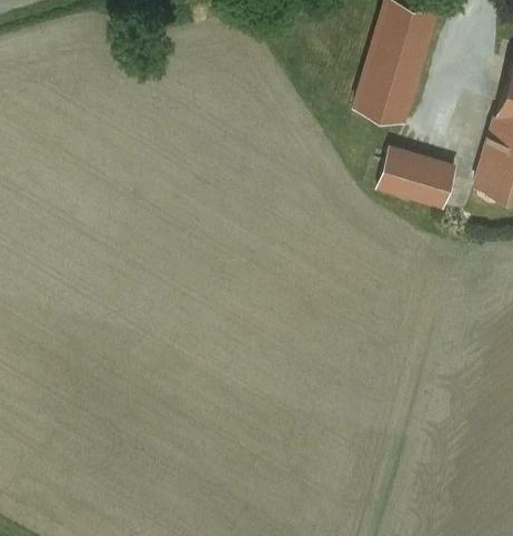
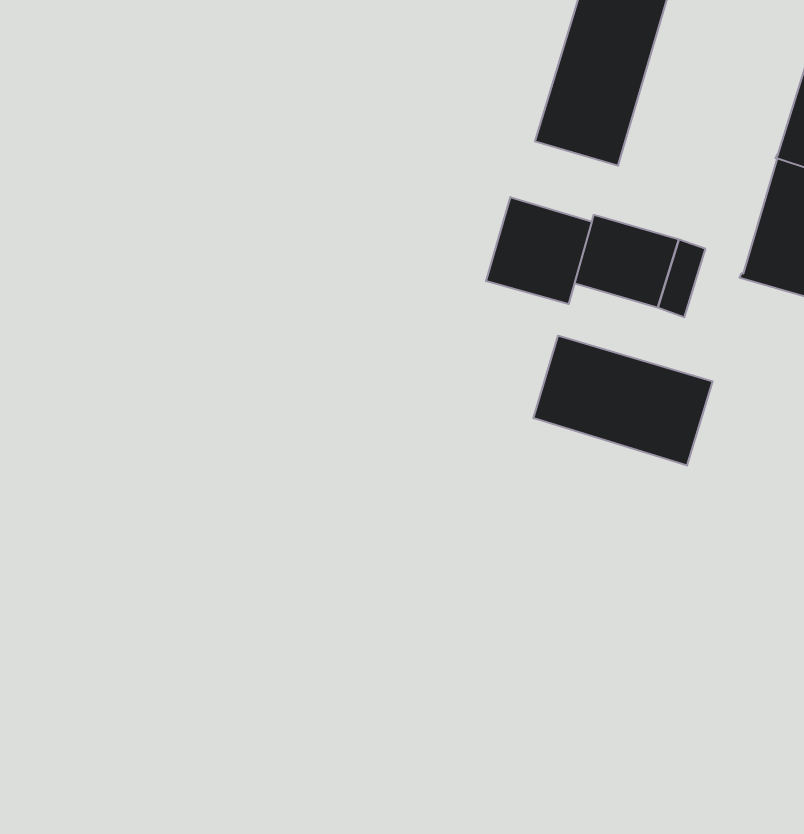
building: none -> [486,197,592,304]
building: none -> [533,336,713,466]

